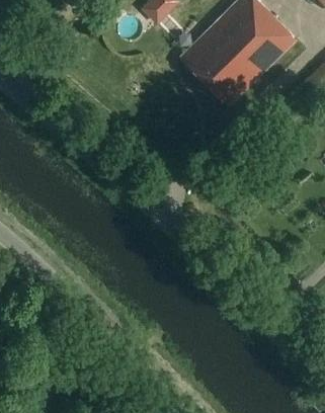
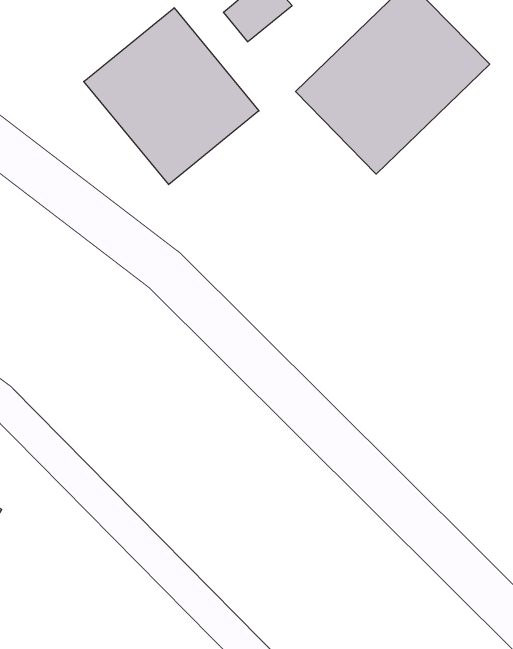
building: none -> [84,8,259,185]

